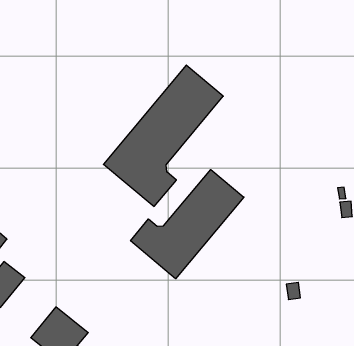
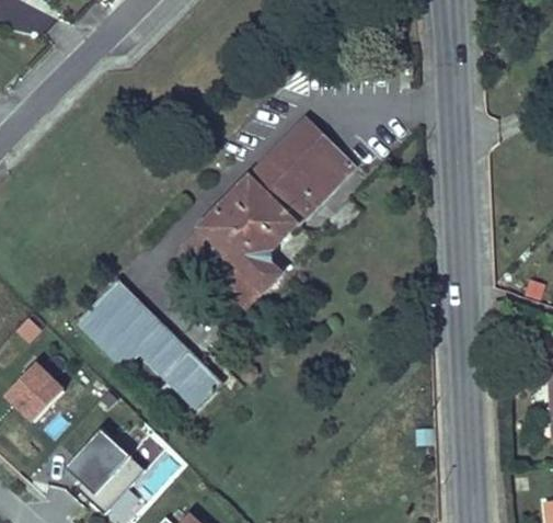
building: [131,170,244,279] -> none
building: none -> [74,278,221,409]

